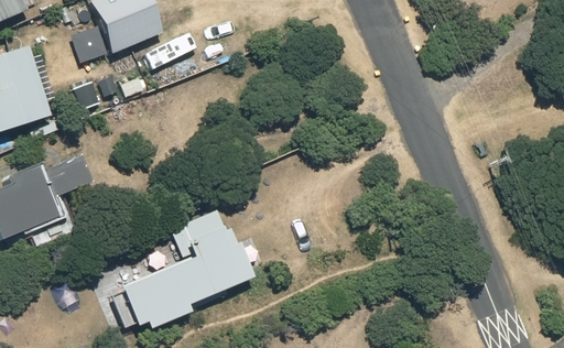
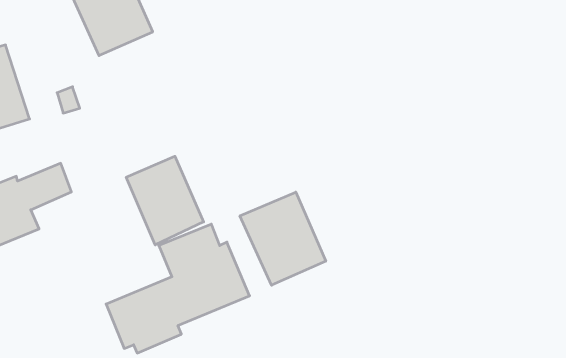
building: none -> [126,156,204,245]
building: none -> [240,192,326,285]

